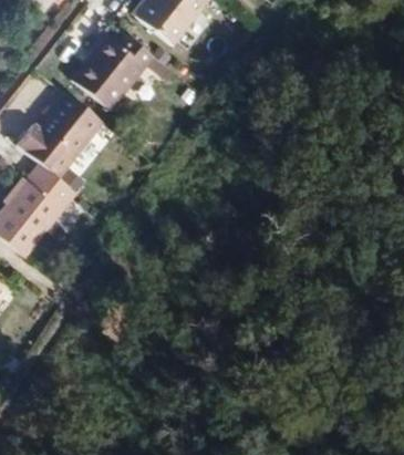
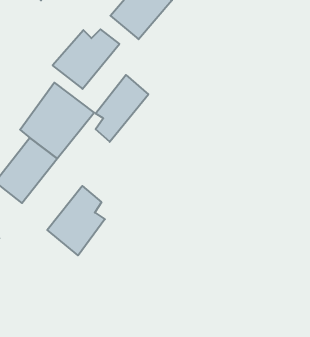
building: none -> [96,75,148,142]
building: none -> [47,186,105,255]

